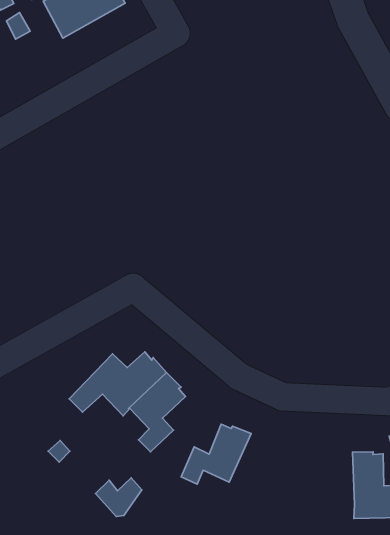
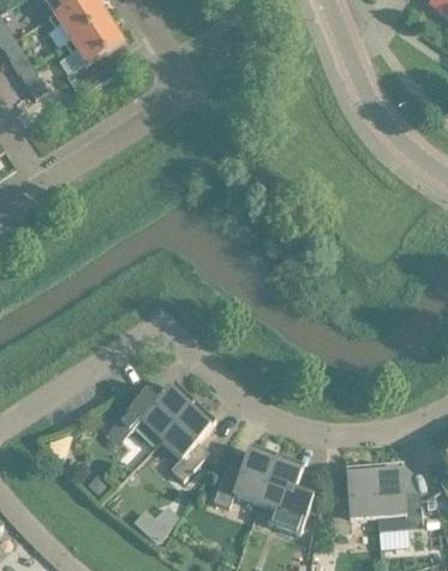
building: none -> [259,456,313,533]
building: none -> [333,468,378,534]

